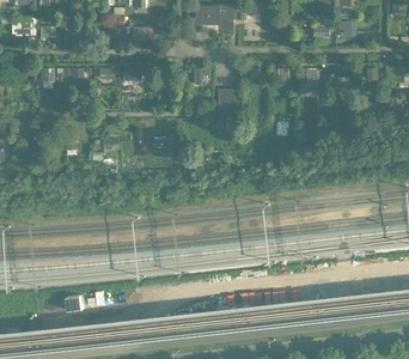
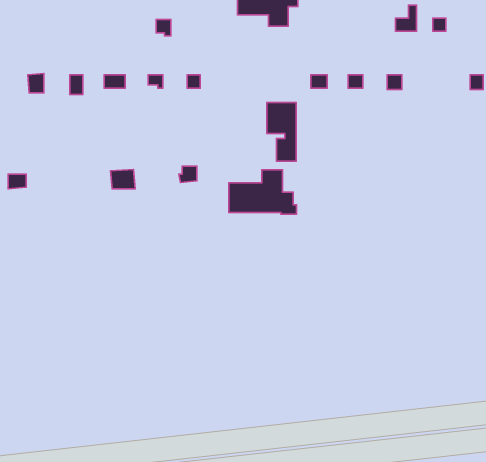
building: none -> [229,170,296,214]

